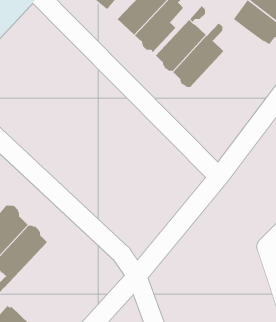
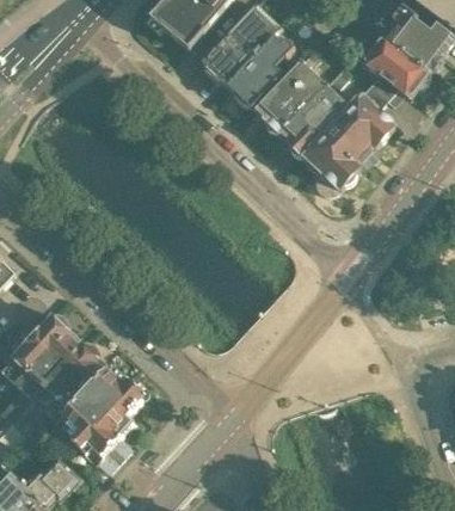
building: none -> [301,75,402,193]
building: none -> [47,367,141,468]

